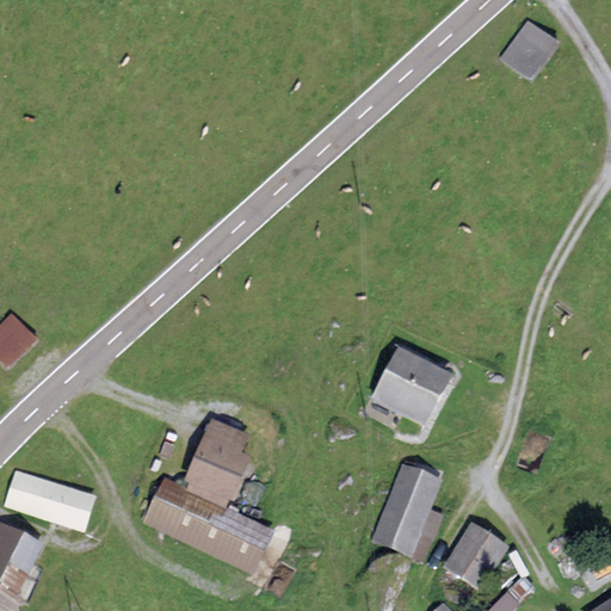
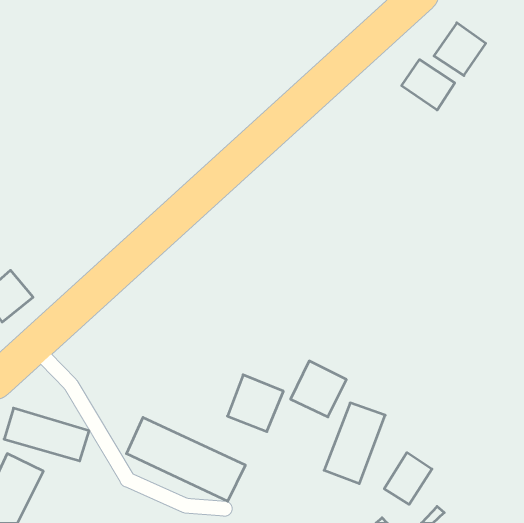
building: none -> [402,60,455,110]
building: [374,347,438,412] -> [291,361,346,417]
building: [183,425,247,490] -> [227,375,283,432]

